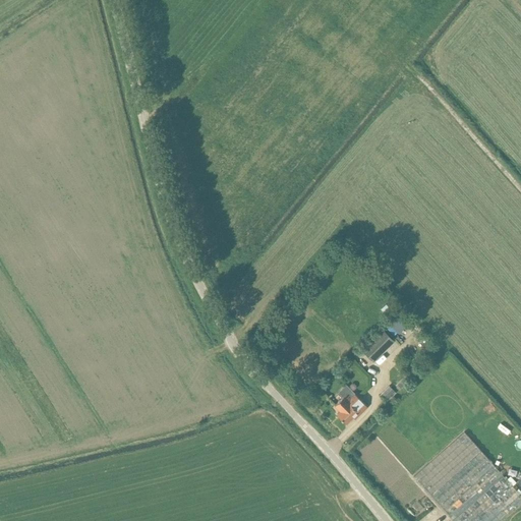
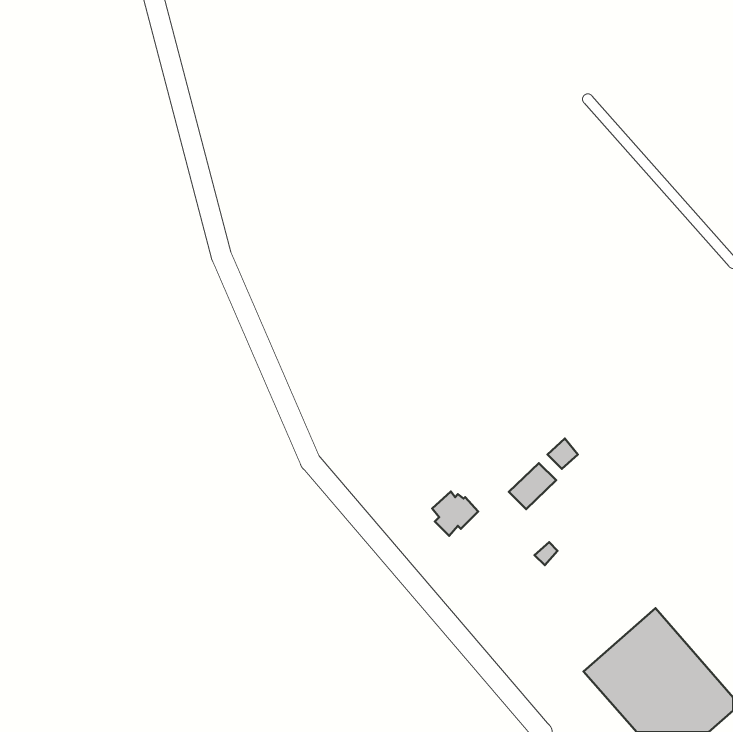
building: [334,391,366,422] -> [432,491,478,536]

